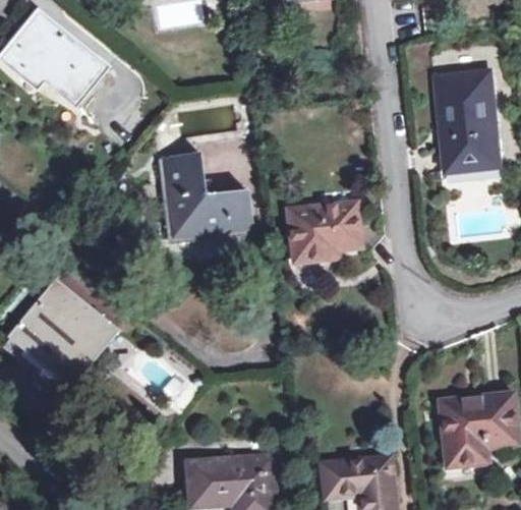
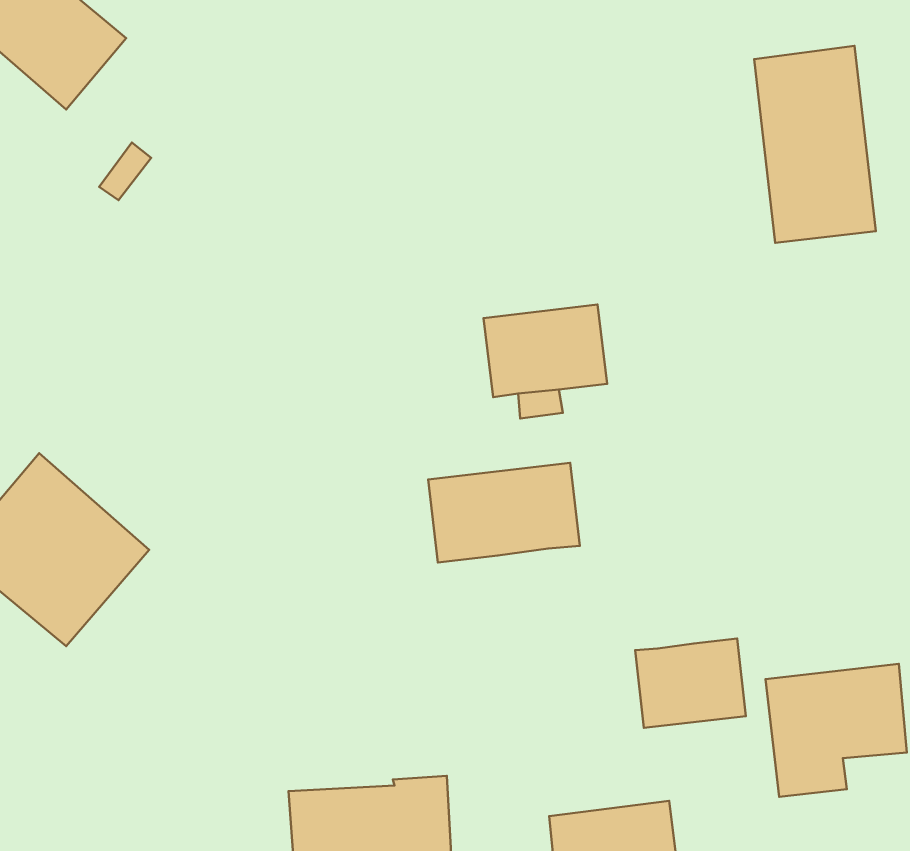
building: [159,155,254,246] -> none
building: none -> [428,463,580,563]
building: none -> [635,639,746,728]

